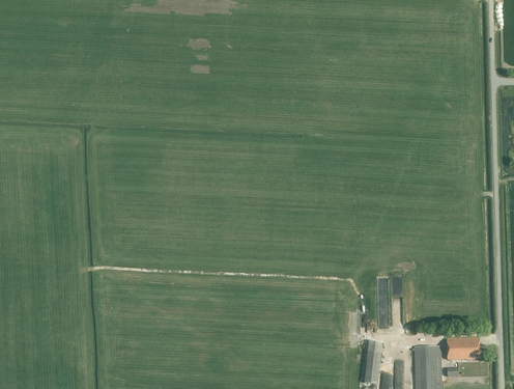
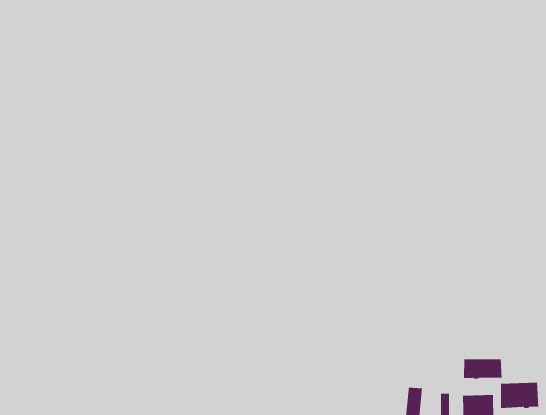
building: none -> [463,358,502,380]

